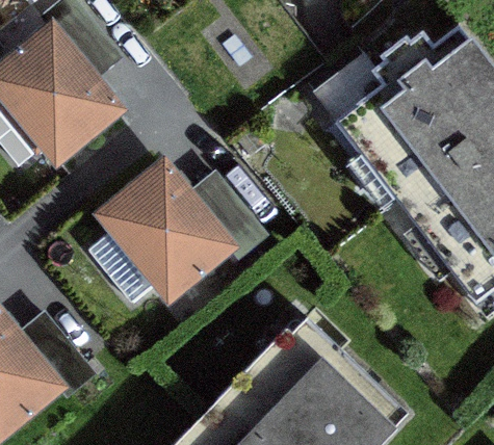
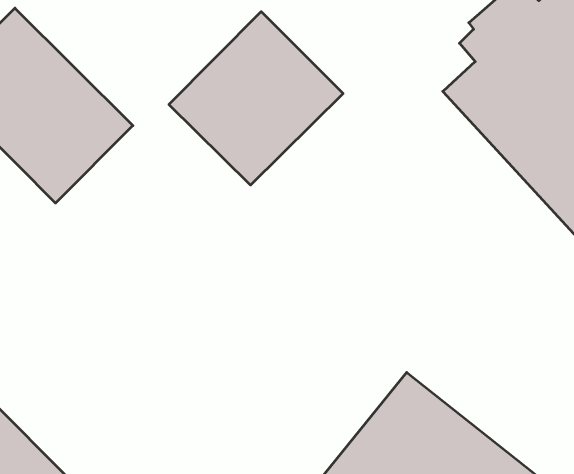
building: none -> [169,12,343,185]
building: [97,158,237,302] -> none

